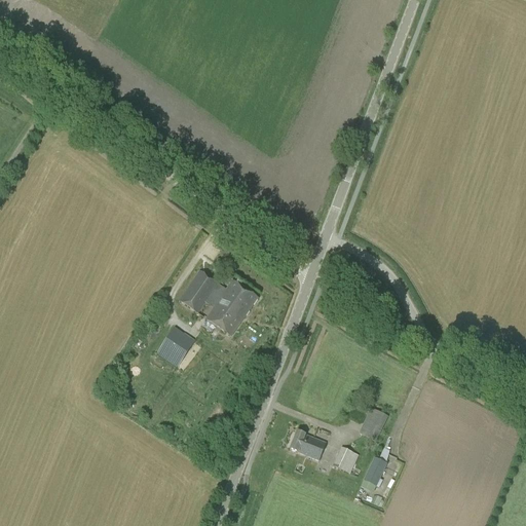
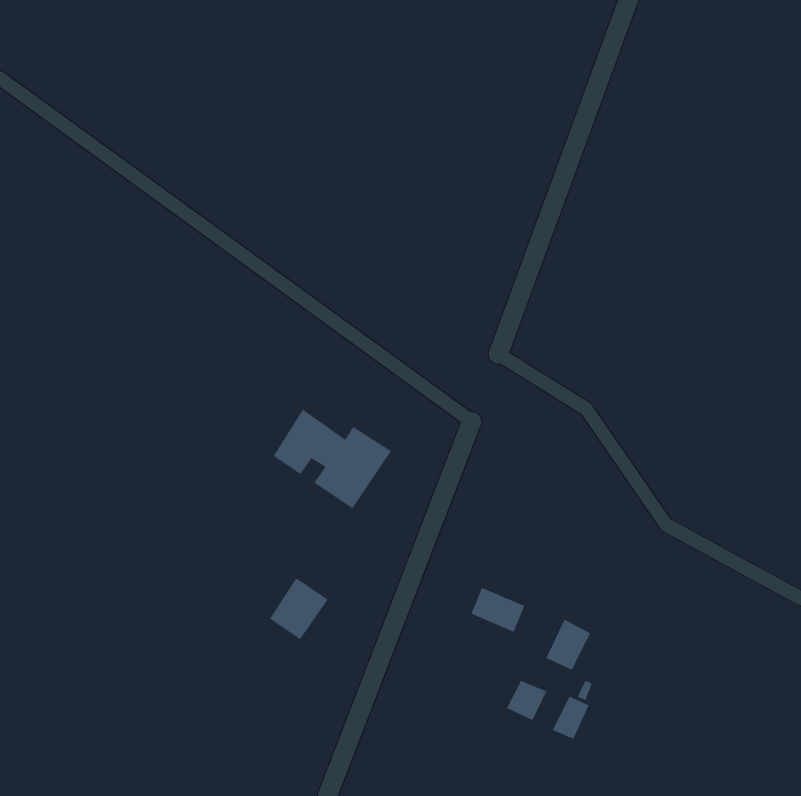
building: [156,325,195,366] -> [269,578,329,640]
building: [290,429,326,459] -> [470,587,525,633]

